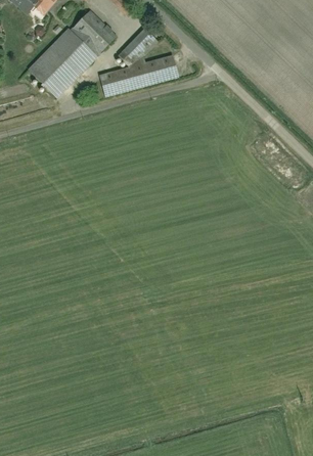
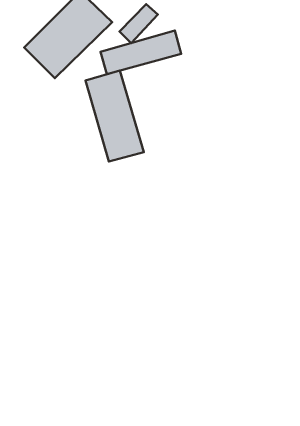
building: none -> [85,71,144,161]

